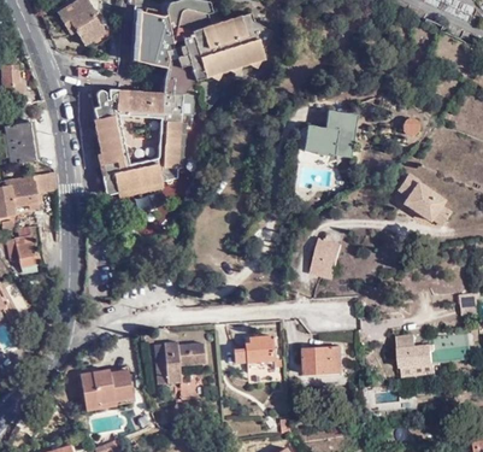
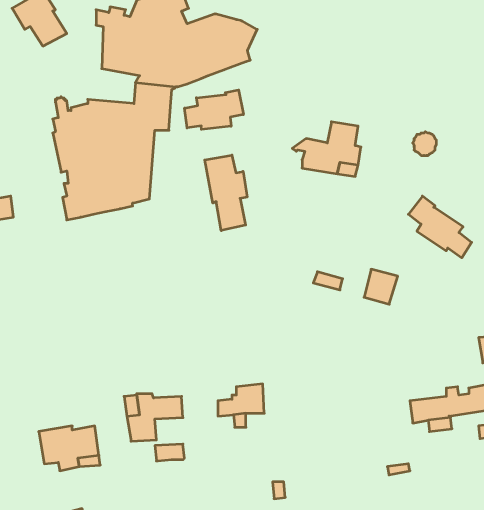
building: none -> [185,90,243,129]
building: none -> [205,155,247,231]
building: [311,247,340,277] -> [364,269,398,304]
building: [306,345,344,374] -> none

